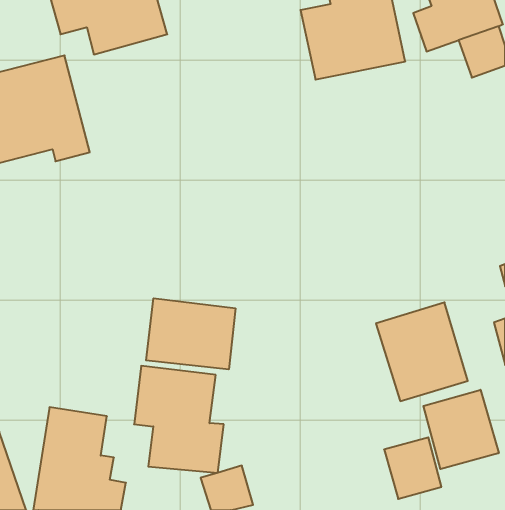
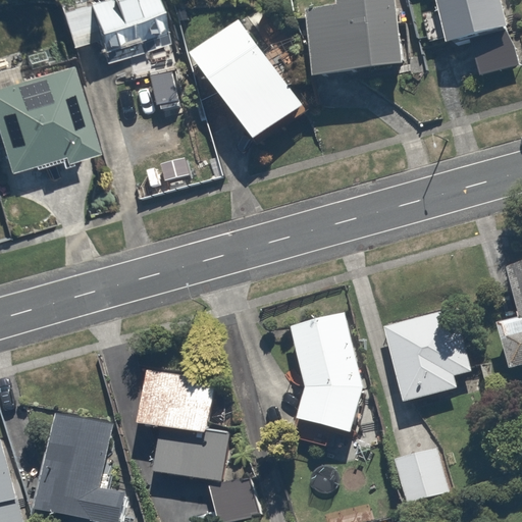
building: none -> [190,17,306,142]
building: [146,298,235,369] -> none
building: none -> [291,309,365,433]
building: [423,390,499,469] -> none

